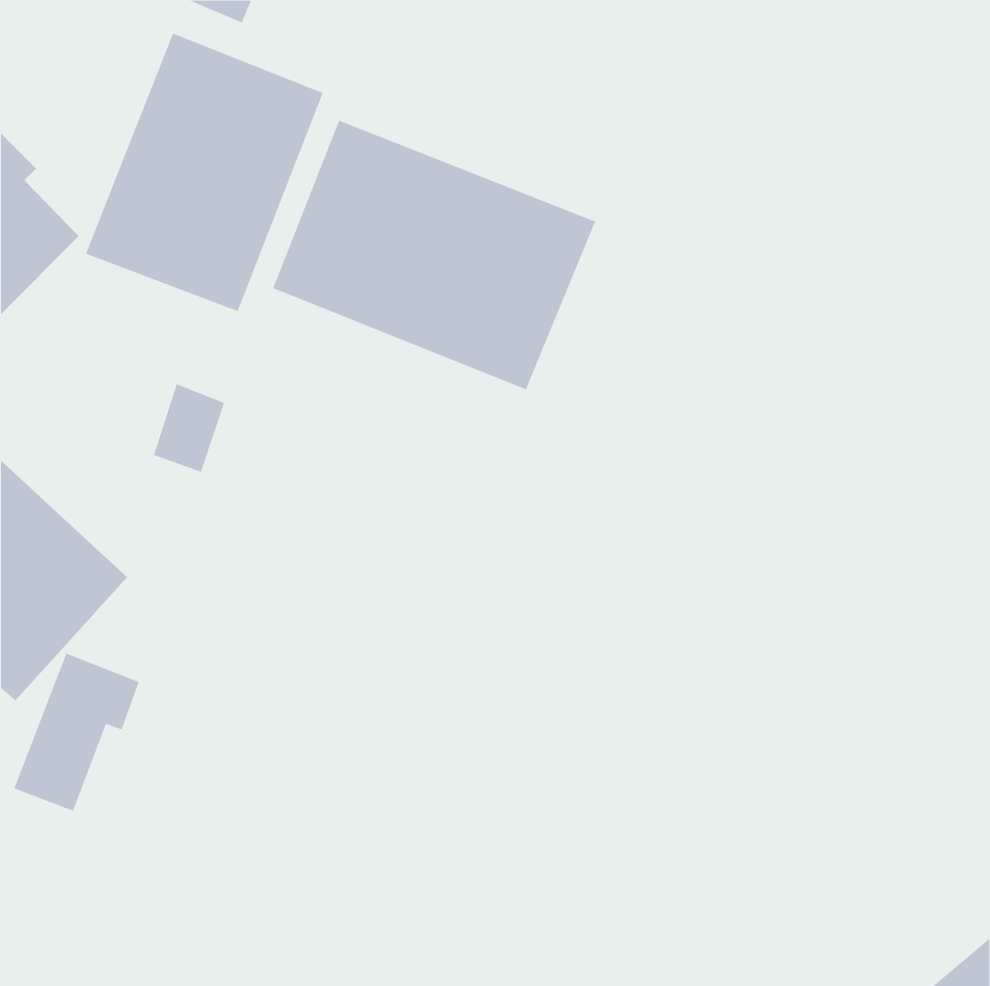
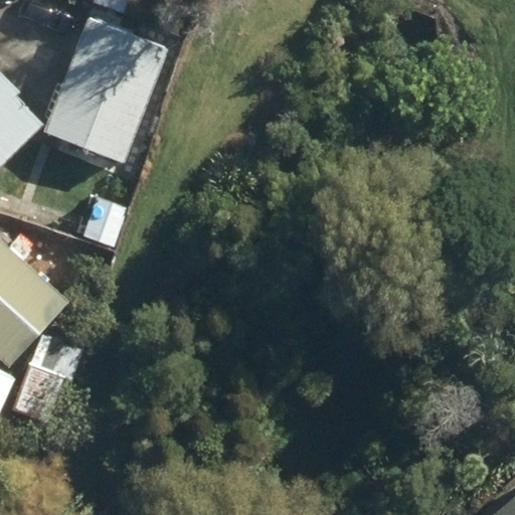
building: [273,120,596,390] -> none

